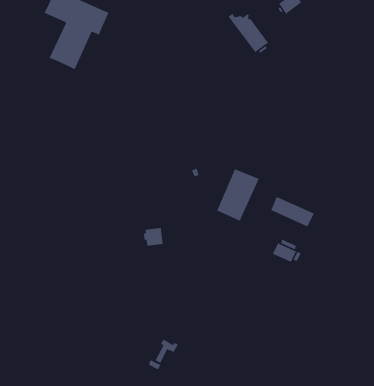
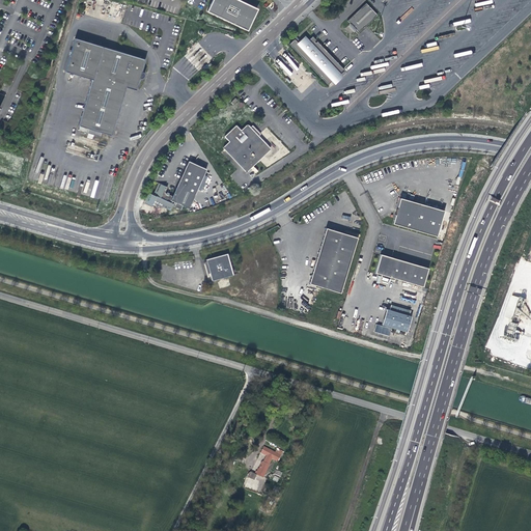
building: none -> [224,122,273,172]
building: none -> [156,162,207,212]
building: none -> [390,198,443,236]
building: [143,227,163,247] -> [204,254,231,280]

